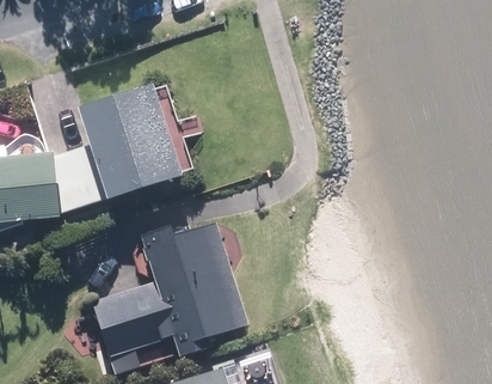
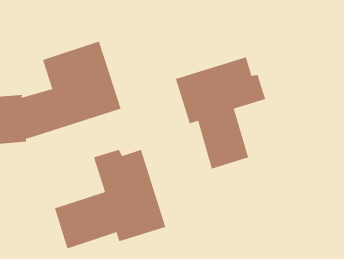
building: none -> [175,57,266,169]

